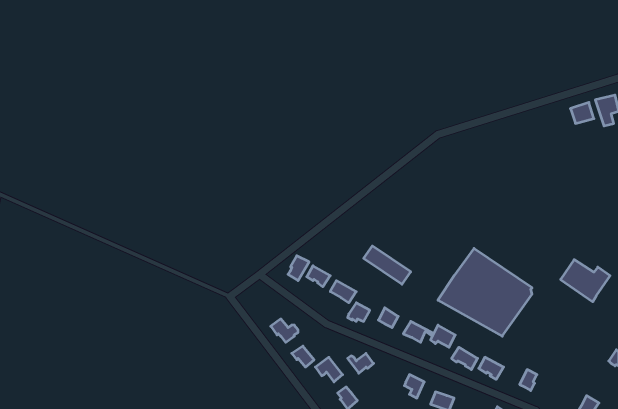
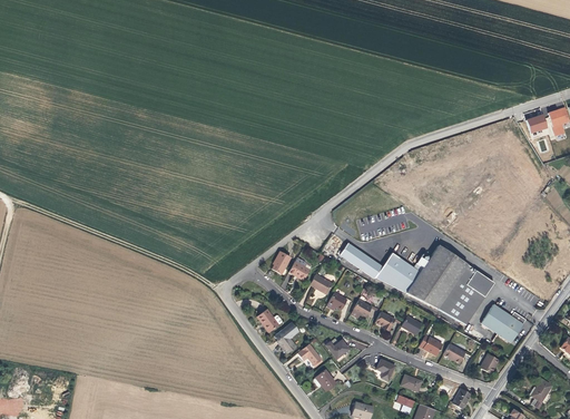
building: none -> [374,252,421,292]
building: [561,260,610,302] -> [481,304,525,342]

